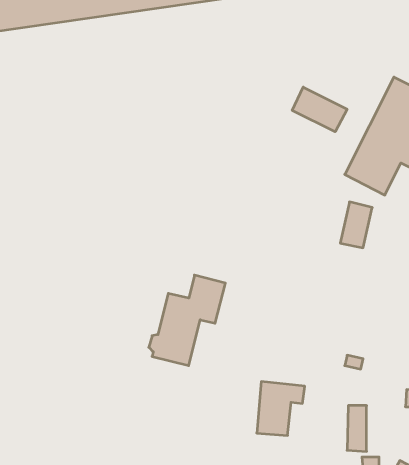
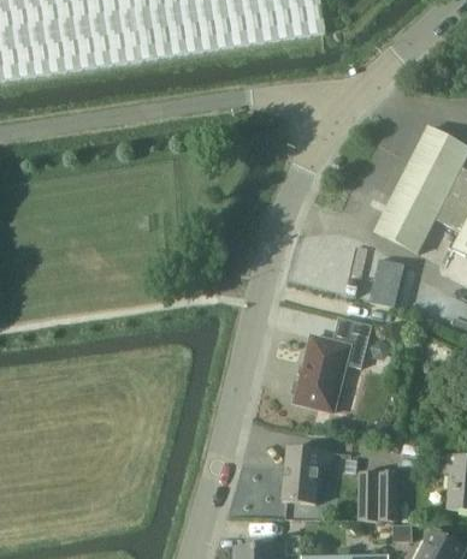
building: [292,87,347,132] -> none
building: [149,275,225,366] -> [291,316,372,411]
building: none -> [359,472,379,519]

